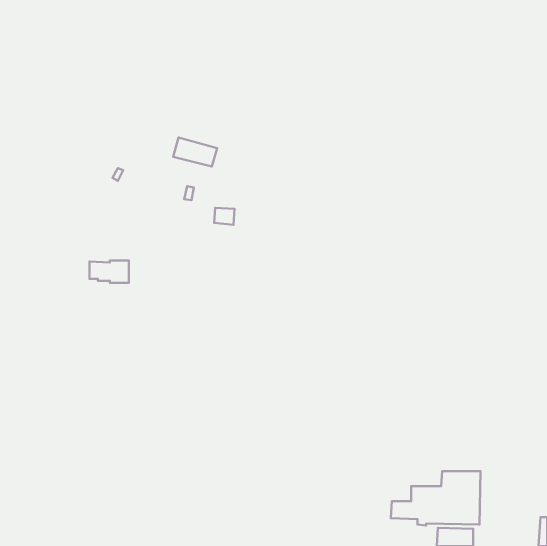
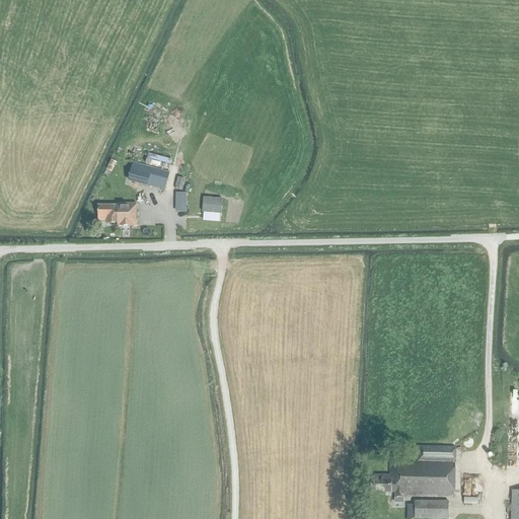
building: [173,138,217,167] -> [128,161,169,189]
building: [89,260,129,283] -> [98,203,136,224]

